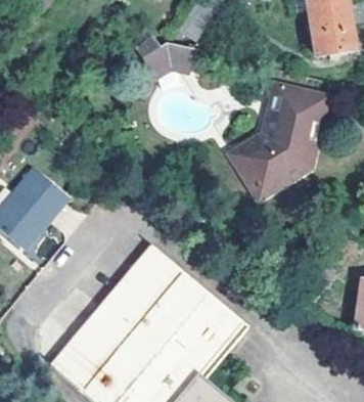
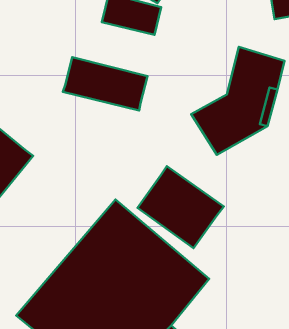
building: none -> [63,57,147,110]
building: none -> [138,166,224,248]

